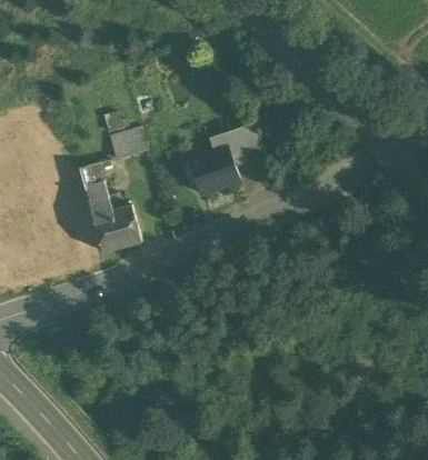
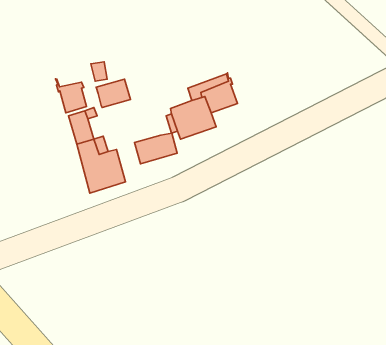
building: none -> [56,79,86,113]
building: none -> [134,133,177,164]

